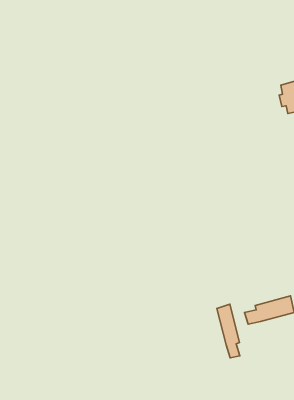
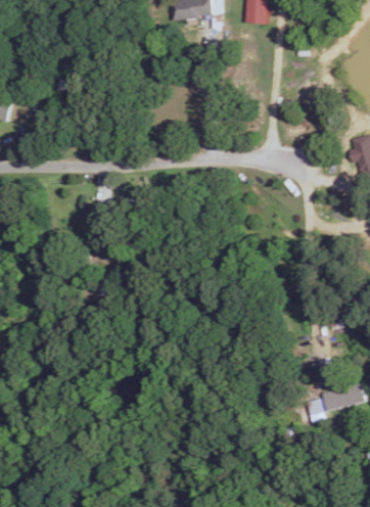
building: [217,304,240,358] -> none

